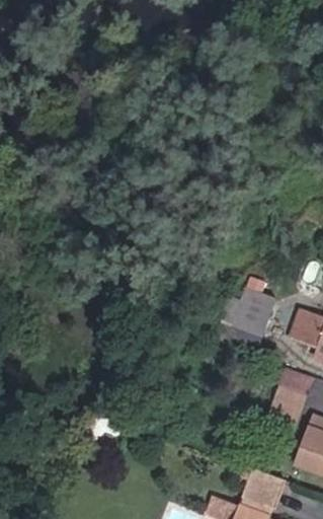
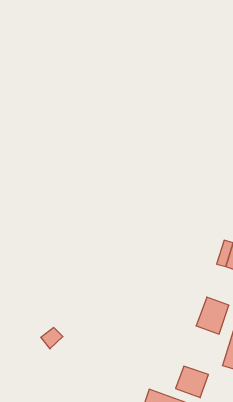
building: [224,293,271,330] -> none

